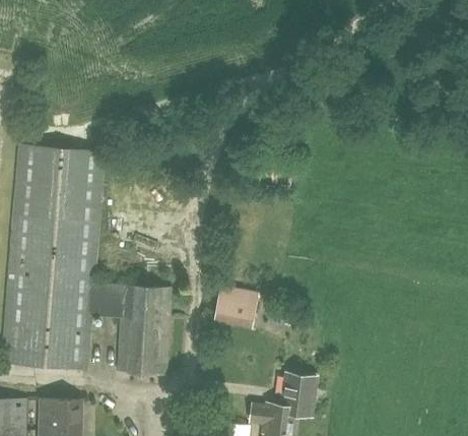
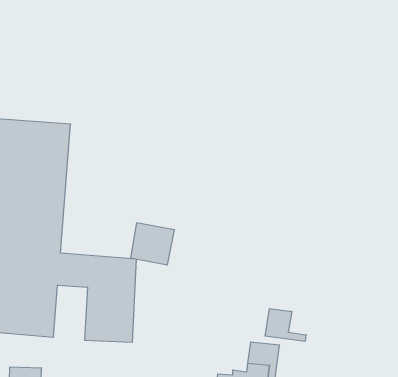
building: [214,286,259,328] -> [131,223,175,265]
building: none -> [265,309,306,341]

